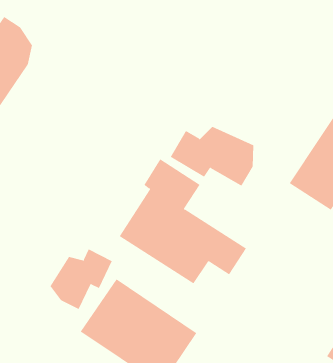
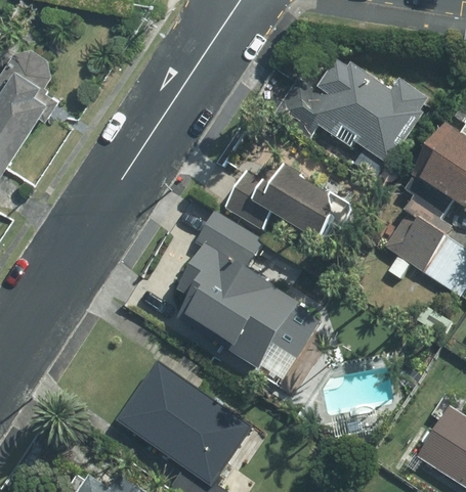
building: none -> [288,52,420,163]
building: [50,249,112,310] -> none

